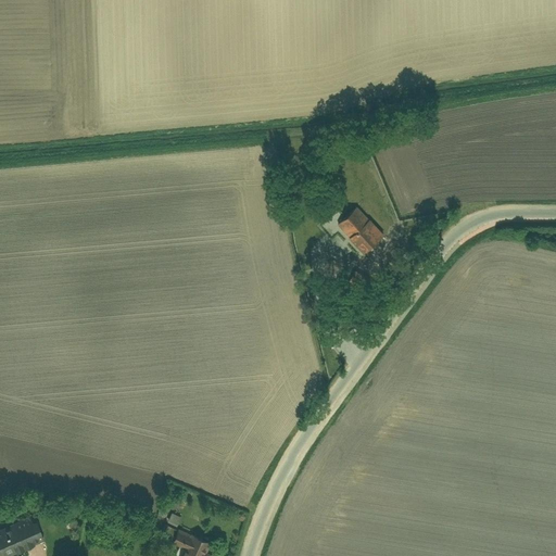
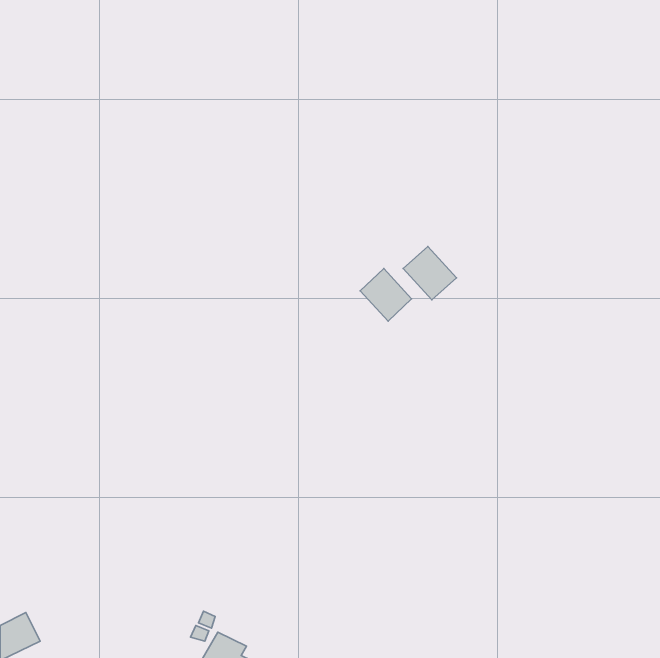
building: none -> [360,269,412,321]

